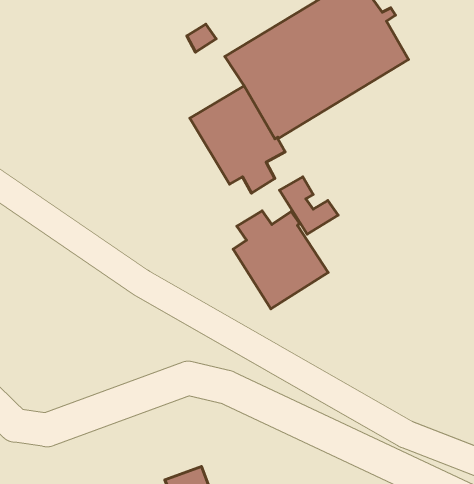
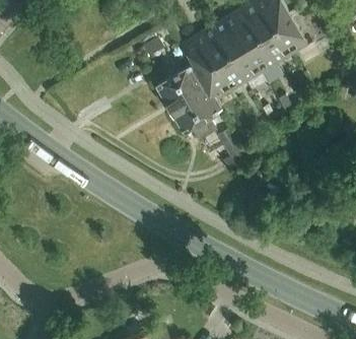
building: [233,211,328,309] -> none

